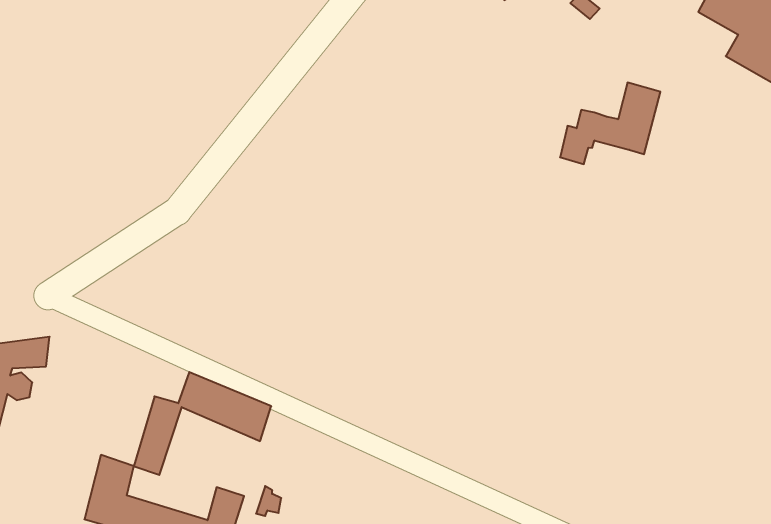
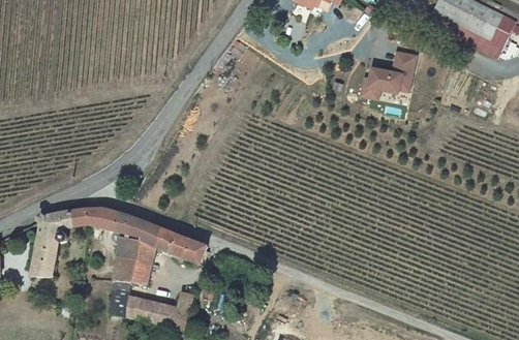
building: none -> [82,209,161,280]

